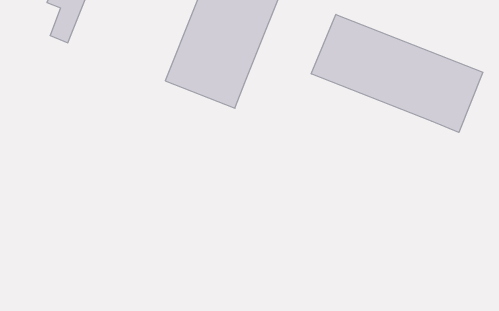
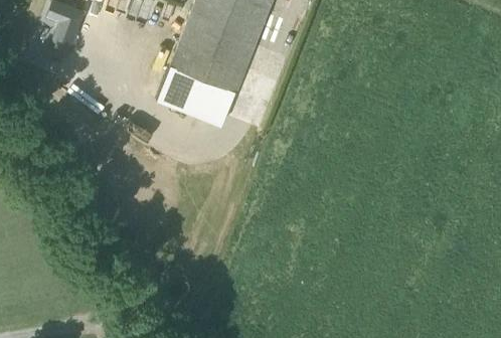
building: [311,14,483,132] -> none

